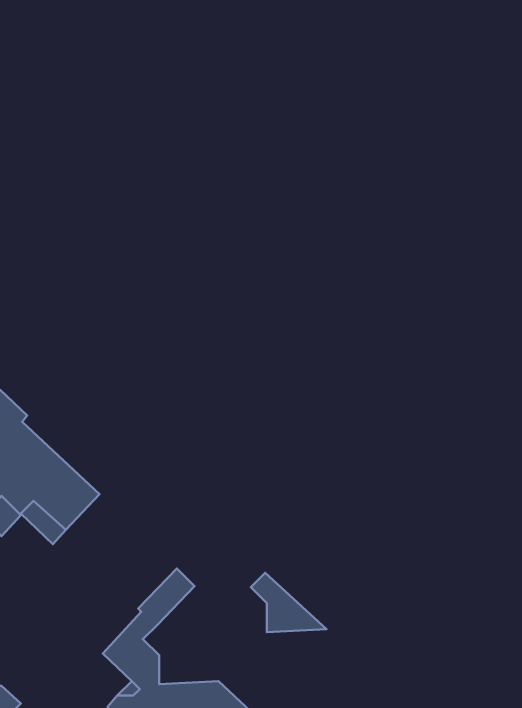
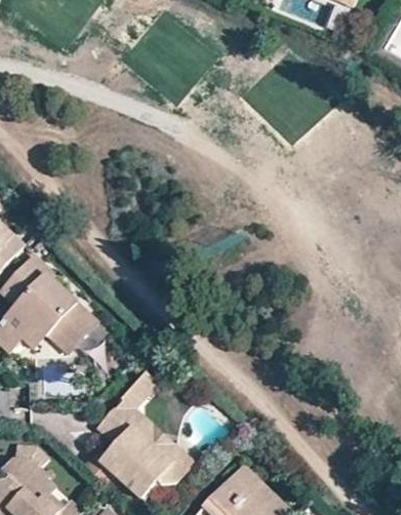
building: [251,573,326,632] -> [124,407,172,445]

